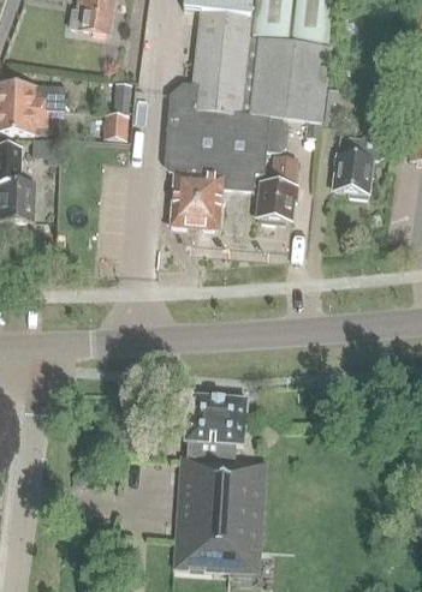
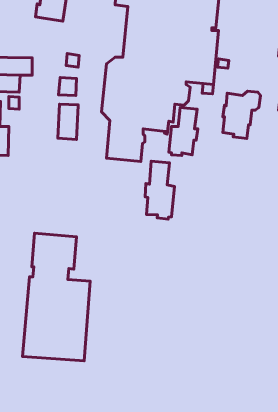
building: none -> [58,104,78,139]
building: none -> [145,161,174,219]
building: [171,393,266,572] -> [23,233,90,361]

